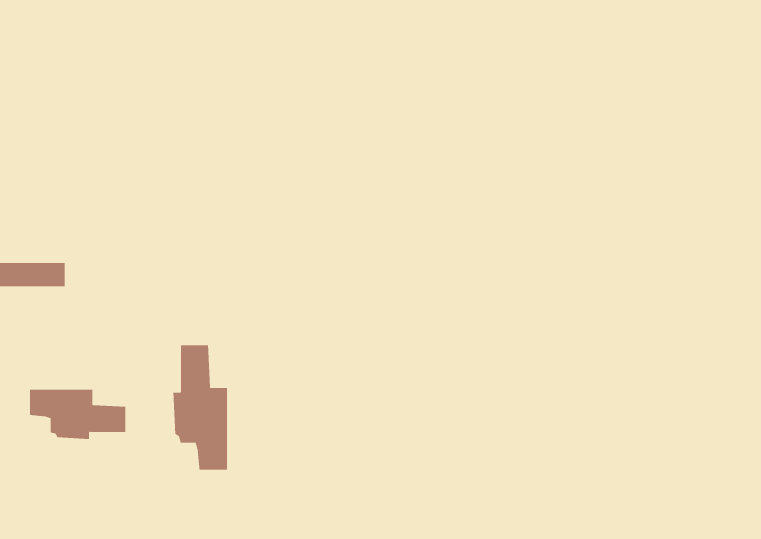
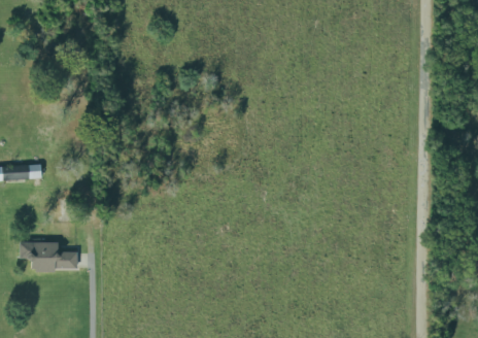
building: [173,344,227,471] -> none

